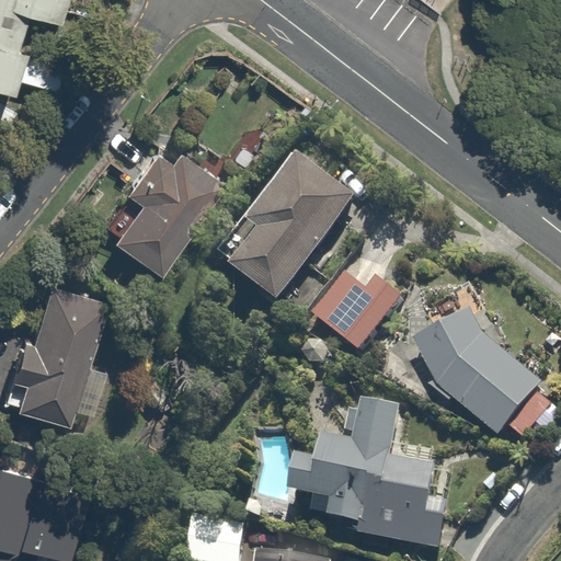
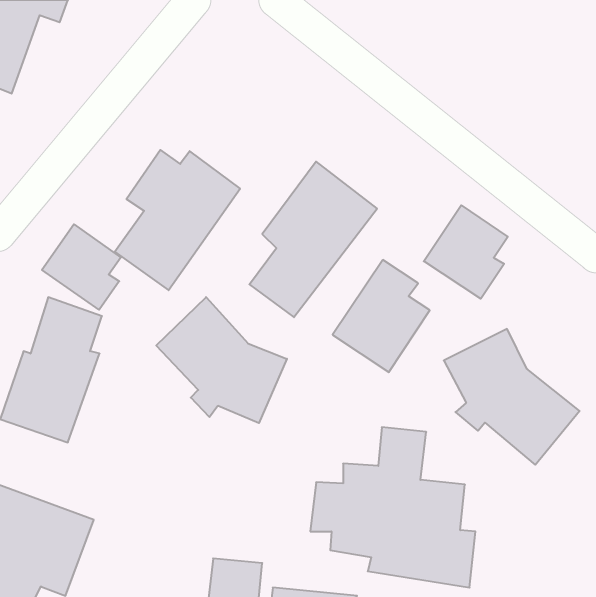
building: none -> [424,205,508,299]
building: none -> [42,224,121,310]
building: none -> [156,297,287,423]

